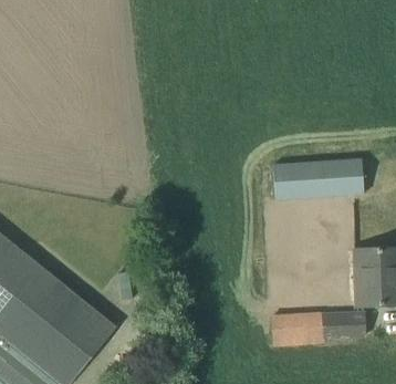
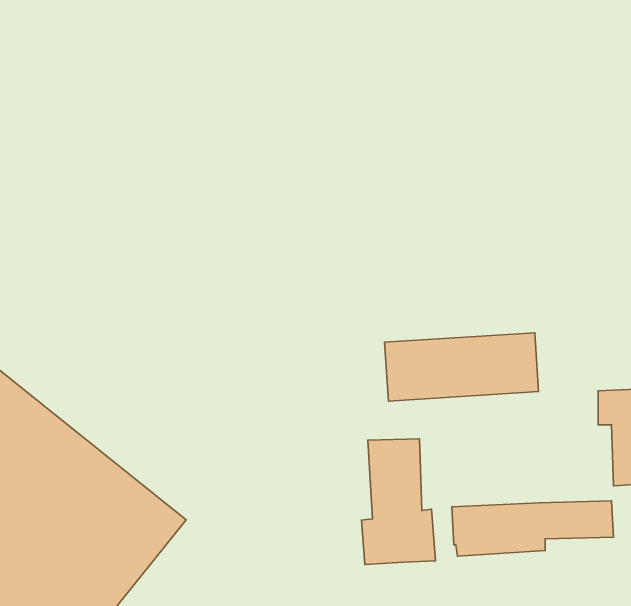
building: [273,159,363,199] -> [385,333,539,401]
building: none -> [361,439,436,564]

